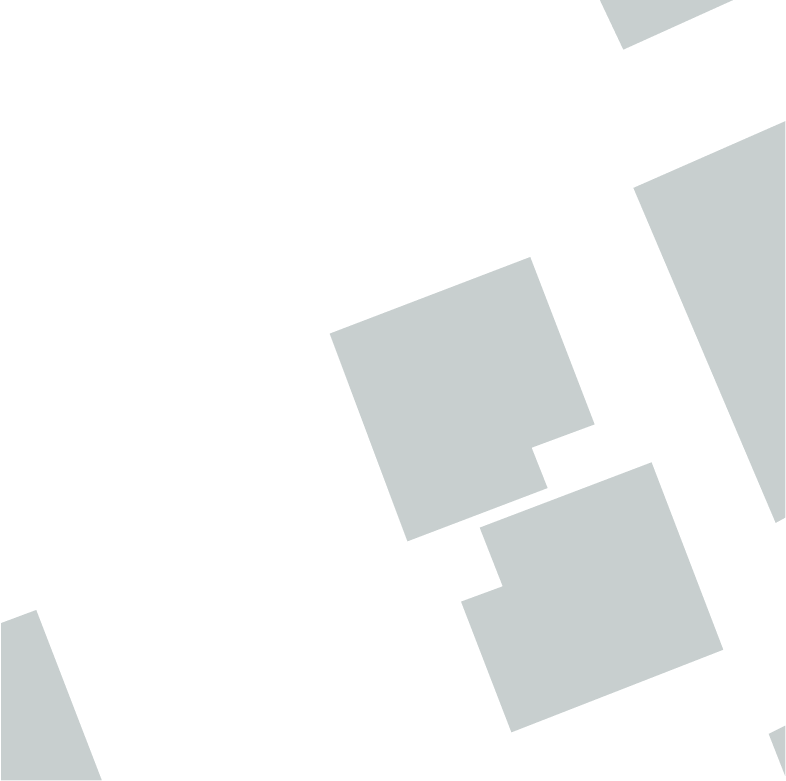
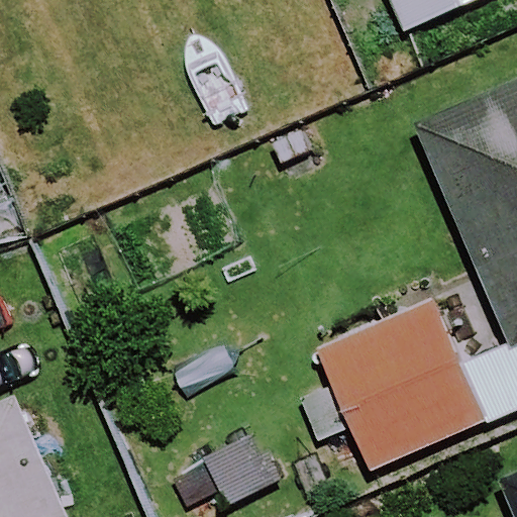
building: [328,256,596,542] -> none

